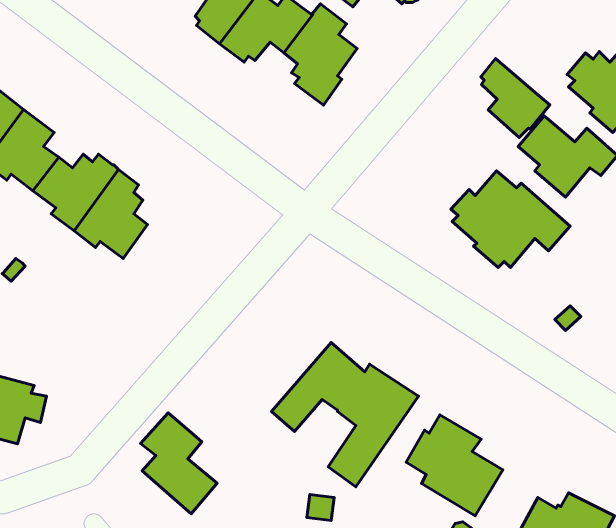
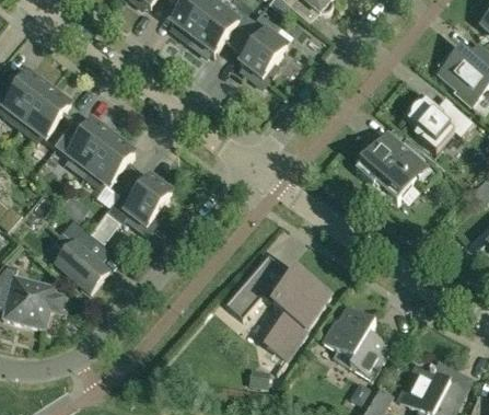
building: [481,59,550,138] -> none
building: none -> [108,171,172,233]
building: [140,413,217,514] -> [55,219,109,291]

